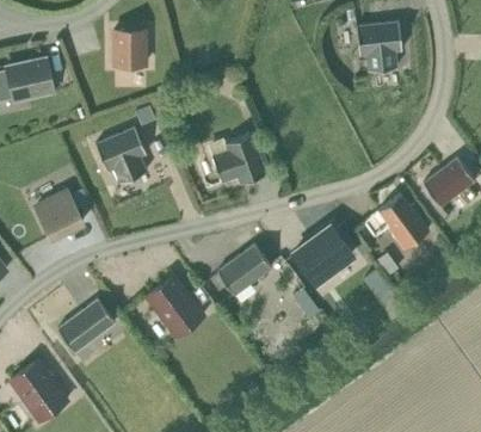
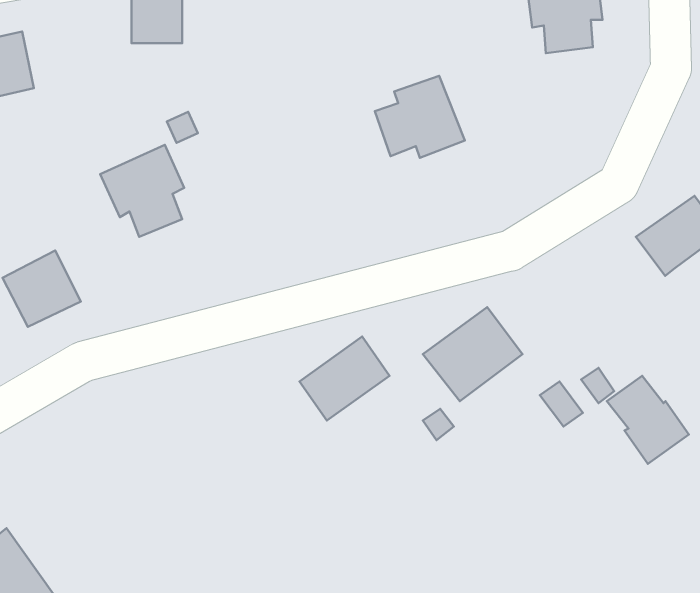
building: [211,135,266,185] -> [375,76,465,158]
building: [377,196,427,249] -> [607,376,689,464]
building: [146,277,203,338] -> none
building: [56,300,115,353] -> none

